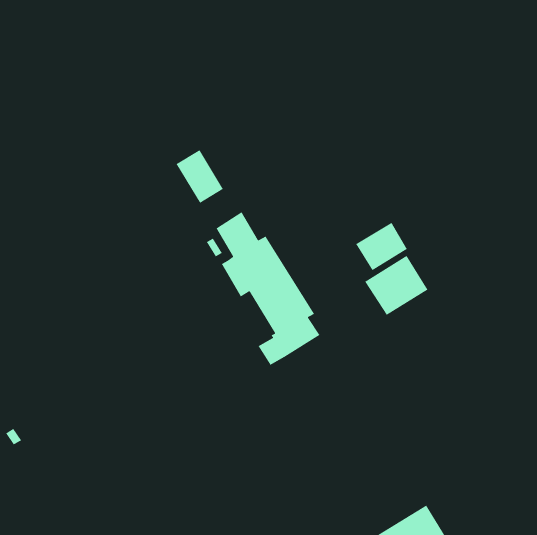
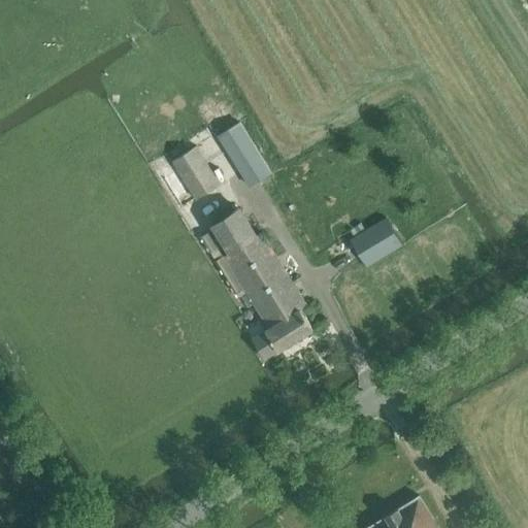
building: none -> [218,124,272,187]
building: [364,255,428,316] -> none

